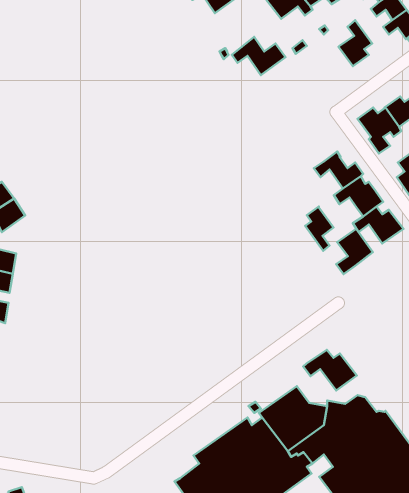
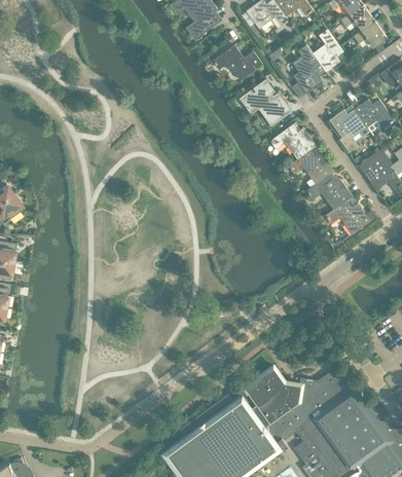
building: none -> [292,45,325,94]
building: none -> [240,83,292,124]
building: none -> [270,122,317,159]
building: [305,207,333,251] -> none
building: [336,229,373,274] -> none
building: [303,350,357,390] -> none

